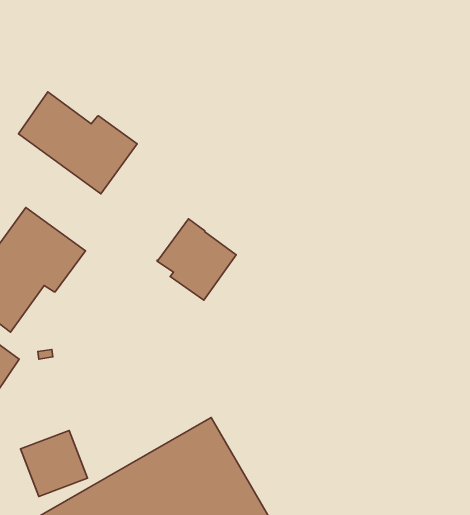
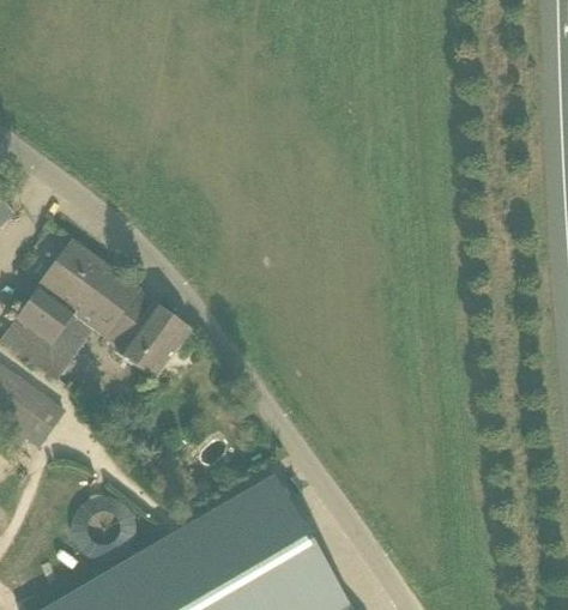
building: [19,92,137,194] -> none
building: [157,219,236,300] -> [102,291,189,381]

